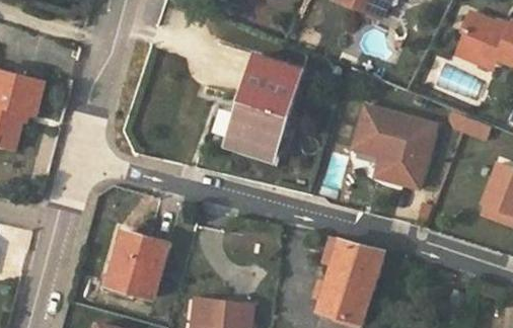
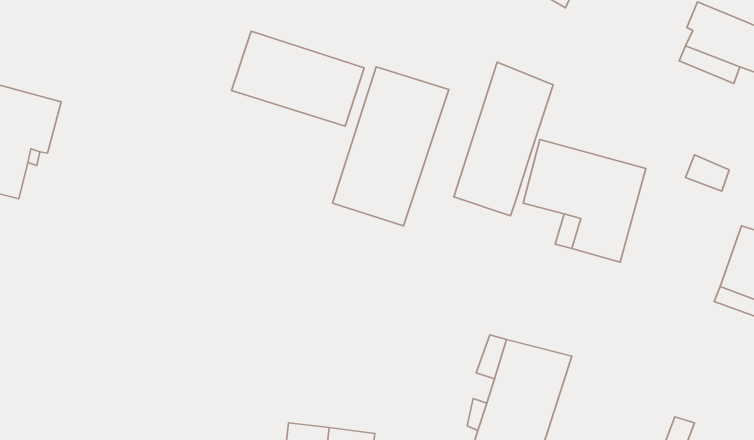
building: none -> [231,31,364,126]
building: none -> [454,62,553,216]
building: [108,230,166,296] -> none

